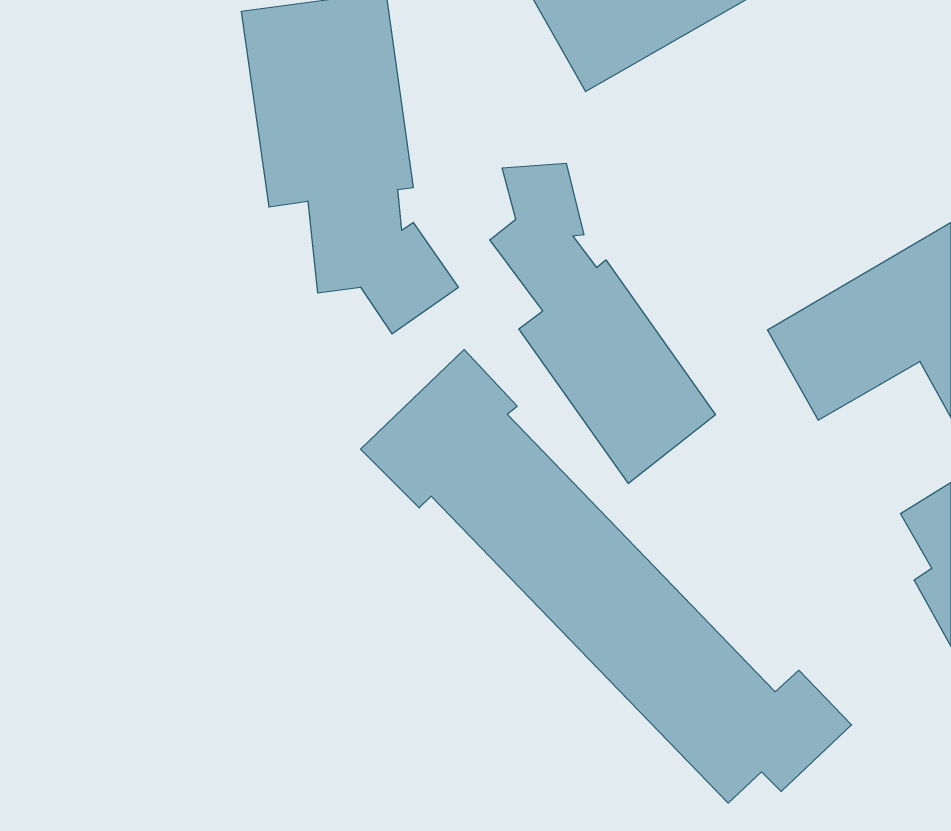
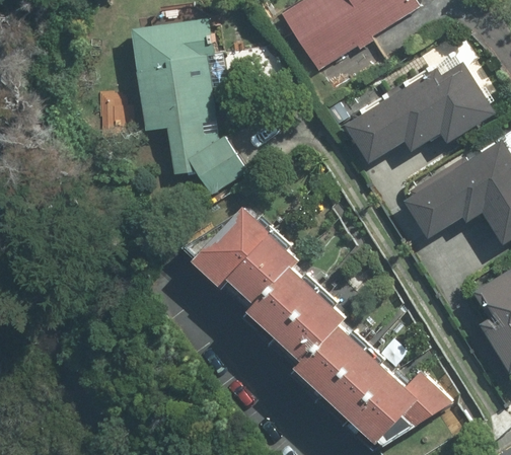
building: none -> [345,62,494,163]
building: [490,163,715,484] -> none

